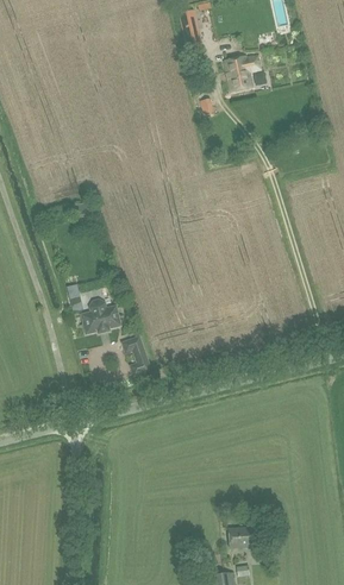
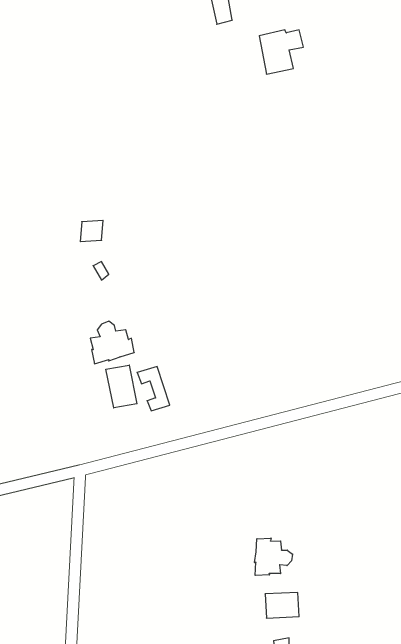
building: none -> [106,365,137,408]
building: none -> [255,538,293,575]

